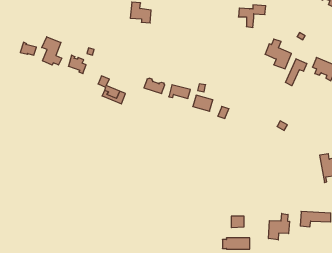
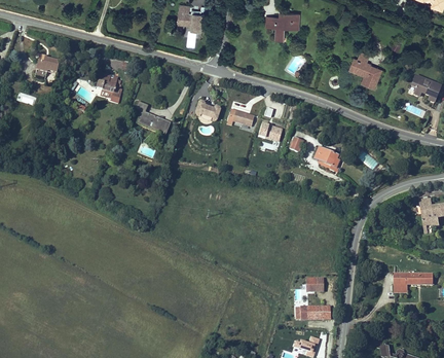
building: [238,5,266,27] -> [265,12,300,41]
building: [42,37,62,65] -> none
building: [286,59,307,86] -> none
building: none -> [313,147,343,173]
building: [269,213,290,240] -> none

